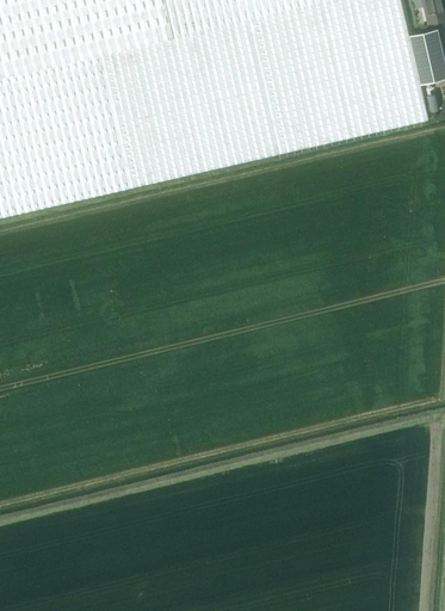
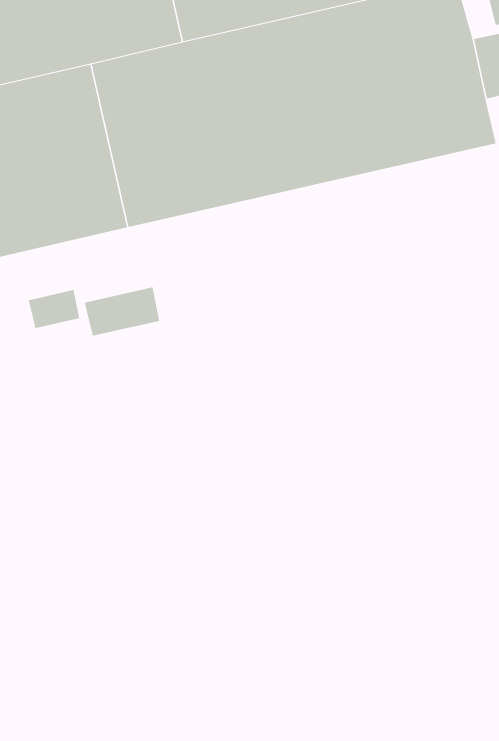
building: none -> [84,286,160,337]
building: none -> [28,289,80,329]

